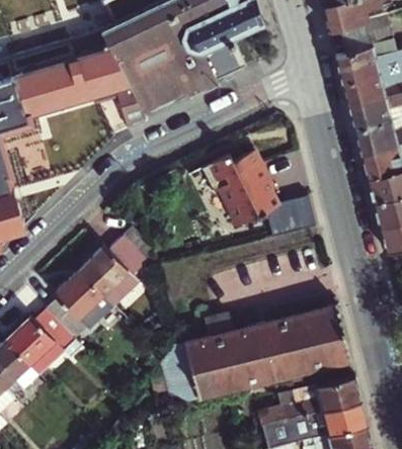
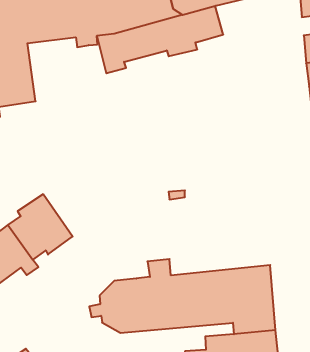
building: [190,151,316,237] -> none
building: [81,228,157,307] -> none

